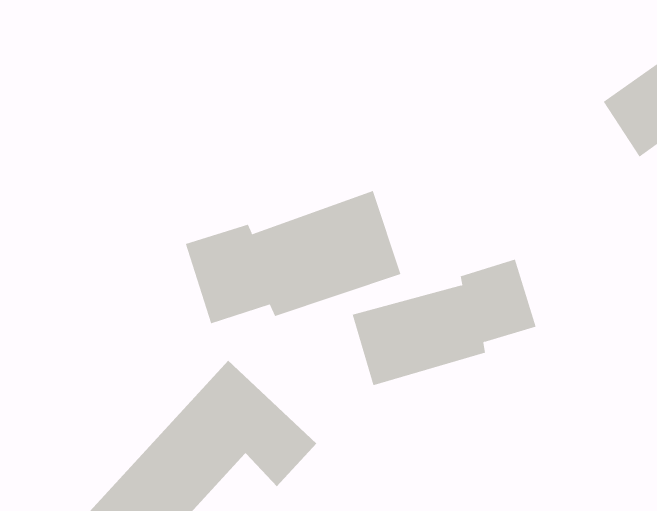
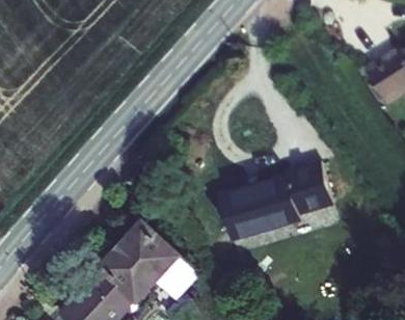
building: [185,190,401,324] -> none

